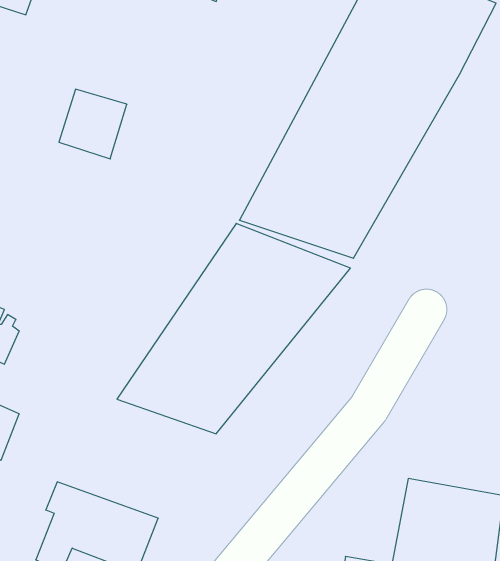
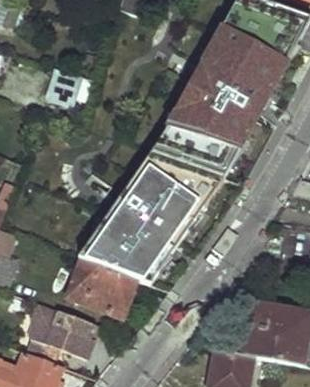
building: none -> [67,261,137,319]

